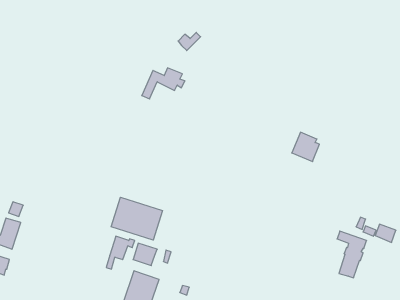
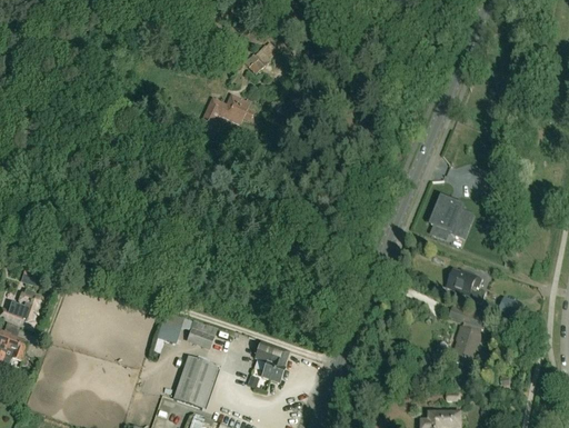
building: [292,132,319,162] -> [430,197,466,235]
building: [111,197,163,240] -> none
building: none -> [446,269,476,296]
building: none -> [254,342,288,384]

